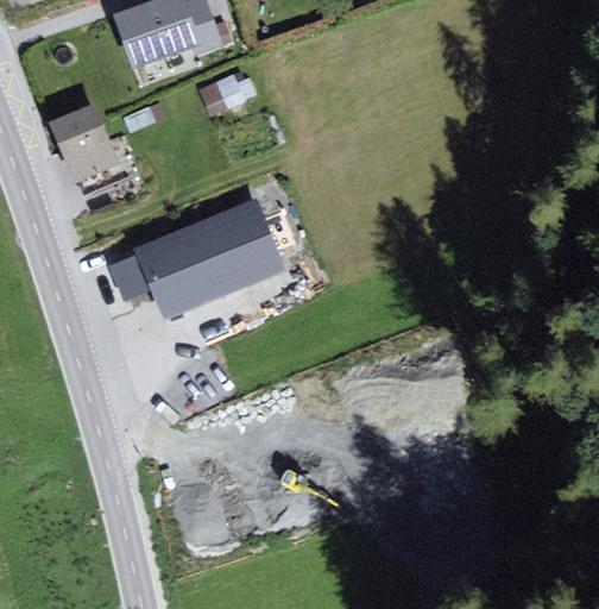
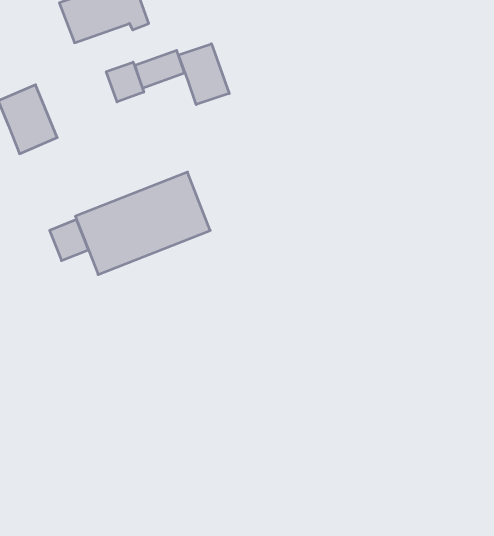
building: none -> [178,44,229,105]
building: none -> [106,62,144,102]

